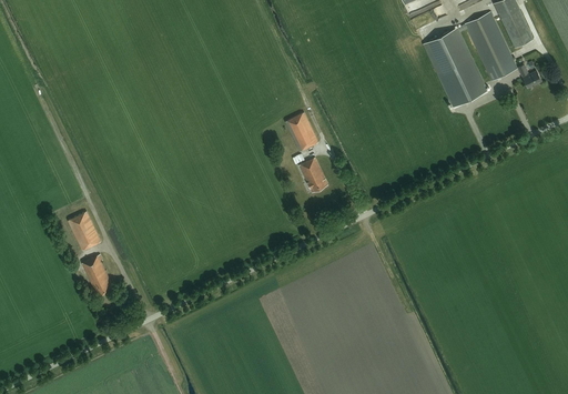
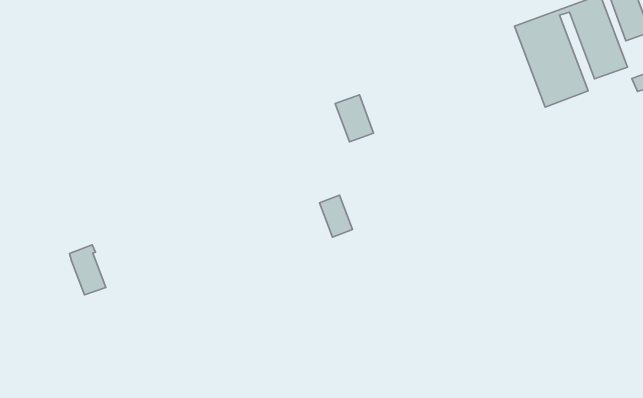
building: [298,158,327,192] -> [319,195,353,237]
building: [68,211,101,250] -> none

